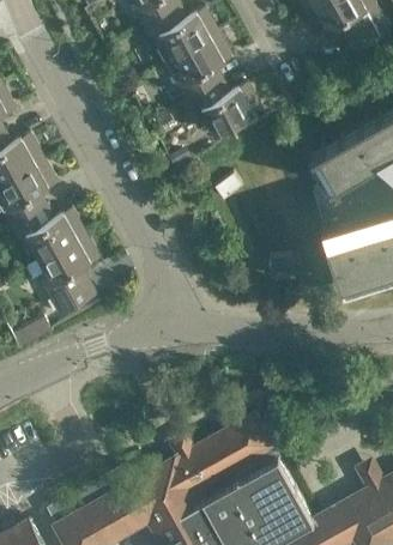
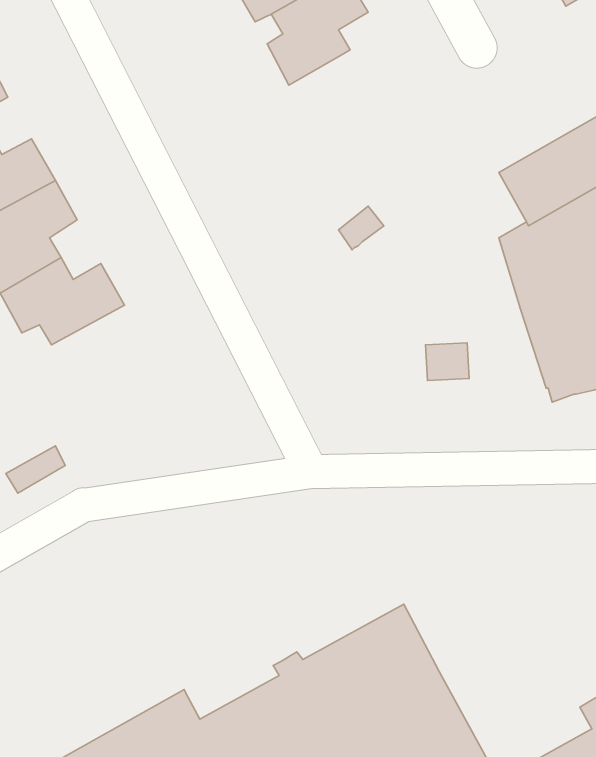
building: [186,83,262,138] -> none
building: [40,237,99,319] -> none

